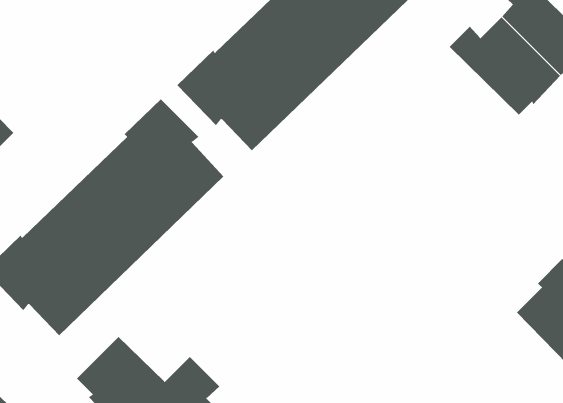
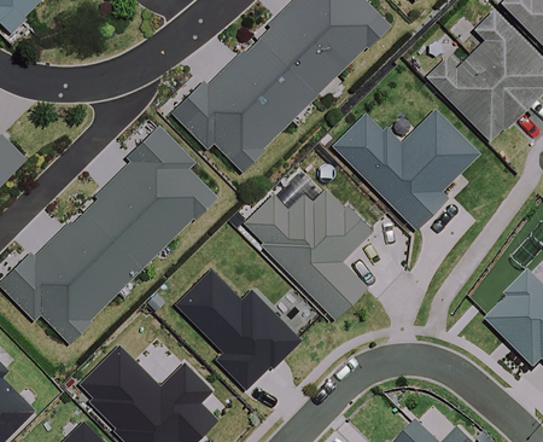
building: none -> [334,106,481,226]
building: none -> [246,187,374,315]
building: none -> [176,266,302,386]

